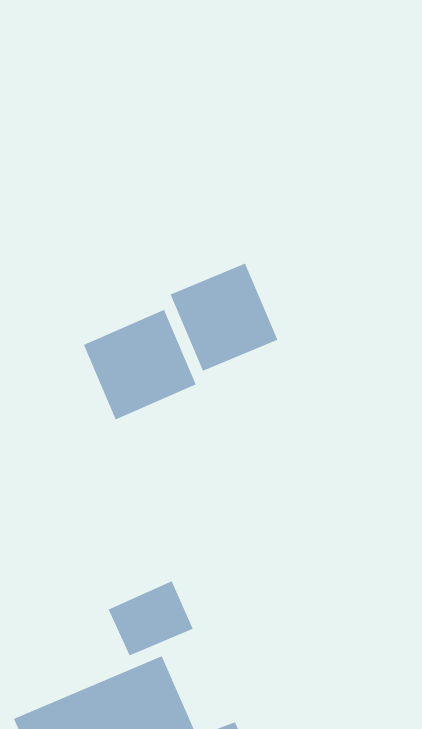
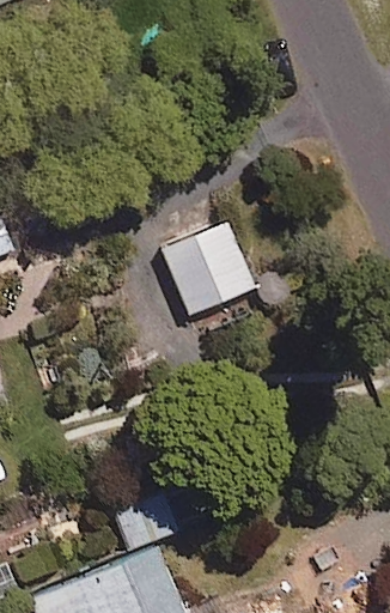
building: [83,309,197,421] -> none

